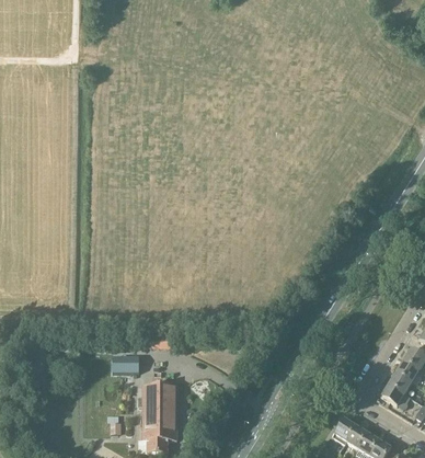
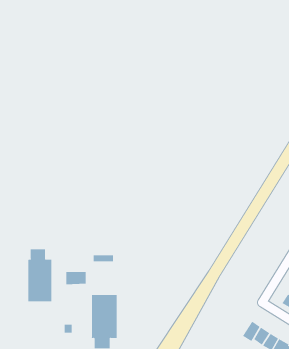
building: none -> [27,248,52,302]

